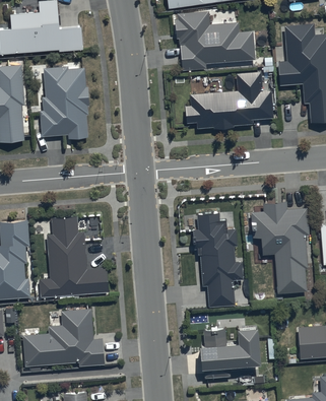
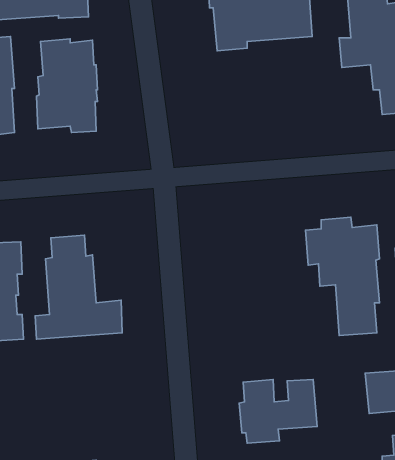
building: [184,68,273,126] -> none
building: [193,214,243,308] -> none
building: [22,311,105,367] -> none

